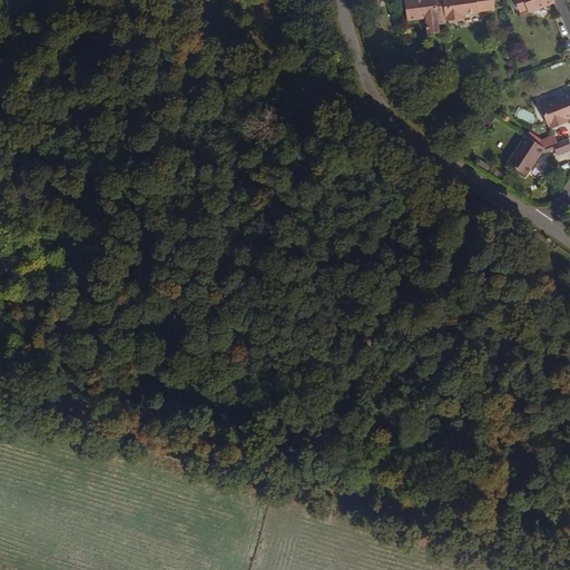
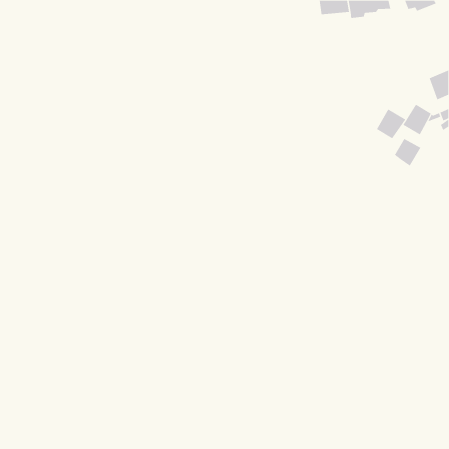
building: none -> [376,108,406,139]
building: none -> [394,138,421,166]

